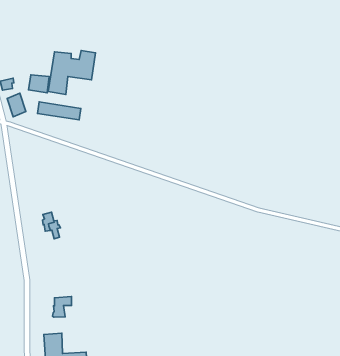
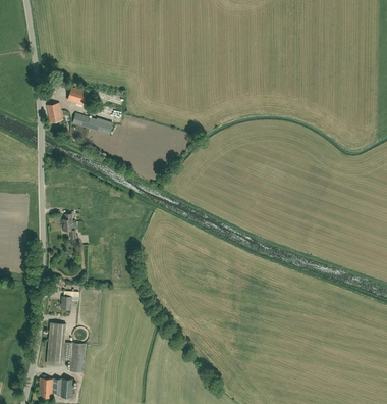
building: [48,51,96,95] -> none

